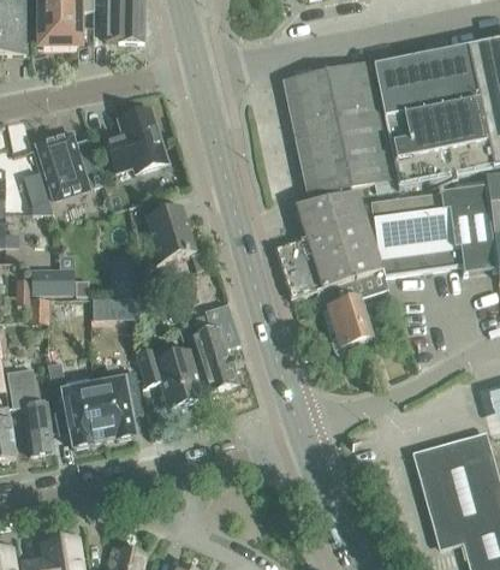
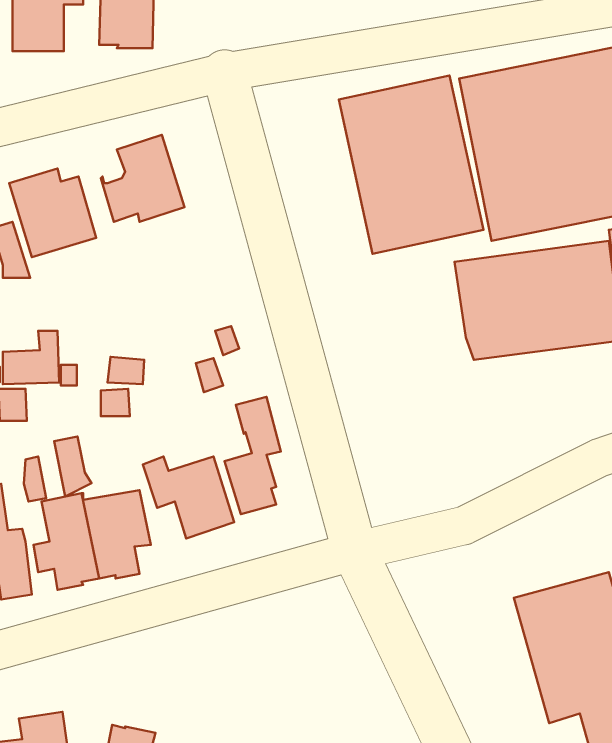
building: [275,191,386,354] -> none
building: [144,203,195,262] -> none
building: none -> [54,436,91,497]

